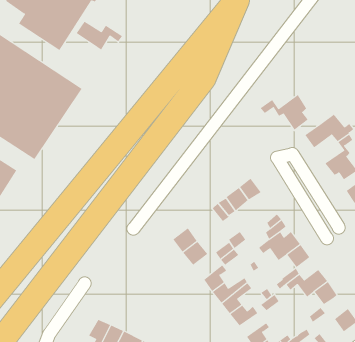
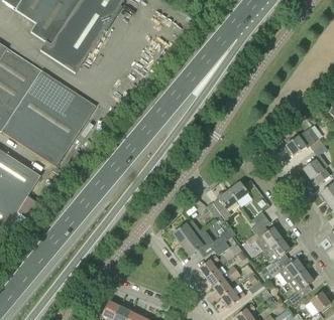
building: [76,21,123,50] -> none
building: [260,94,309,131] -> none

